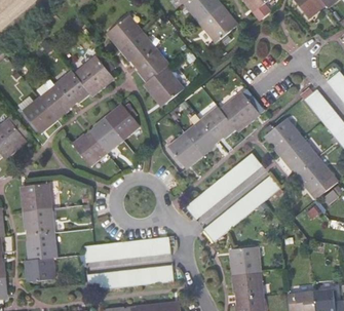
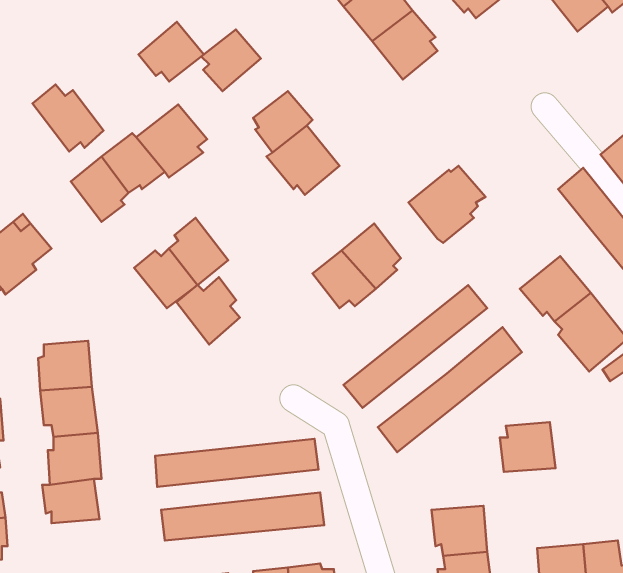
building: [120,32,155,64] -> [139,22,204,82]
building: [17,94,55,130] -> [33,84,104,152]
building: [106,104,140,140] -> [177,277,240,344]
building: [201,107,235,139] -> none
building: [265,119,301,155] -> none
building: [230,246,260,273] -> [500,422,556,472]

